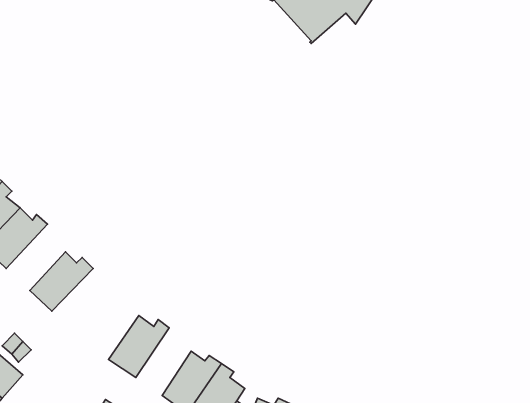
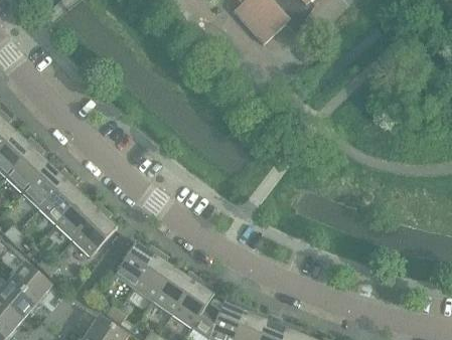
building: none -> [38,176,82,224]
building: none -> [71,208,116,257]
building: none -> [133,251,173,301]

